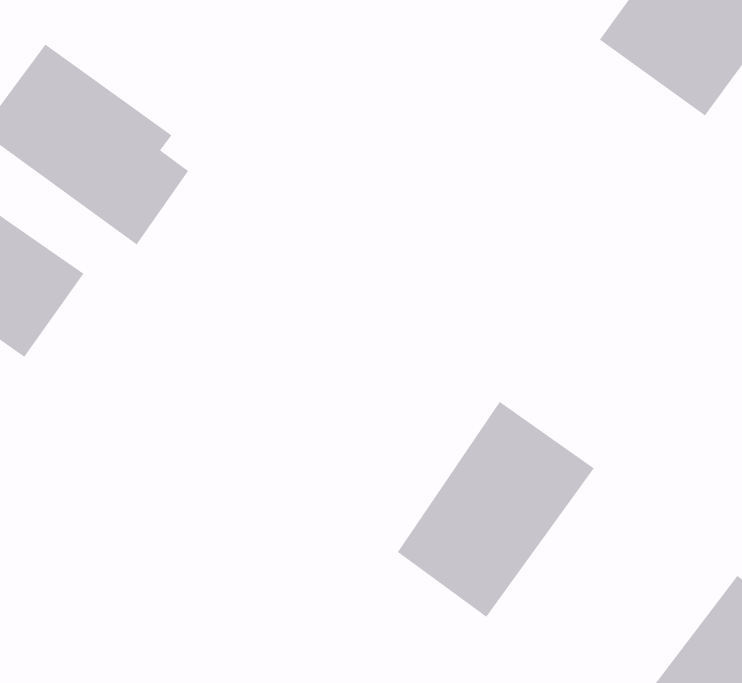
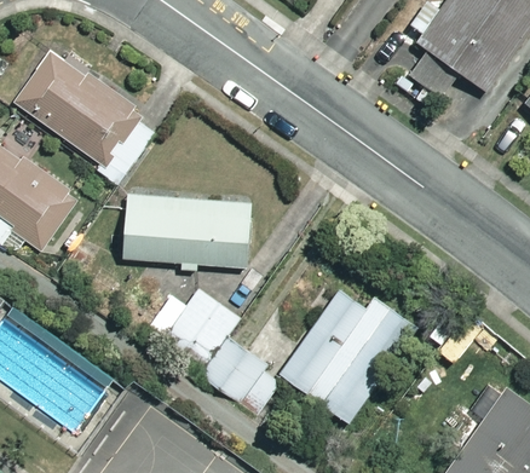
building: none -> [121,192,254,266]
building: none -> [160,288,264,394]

